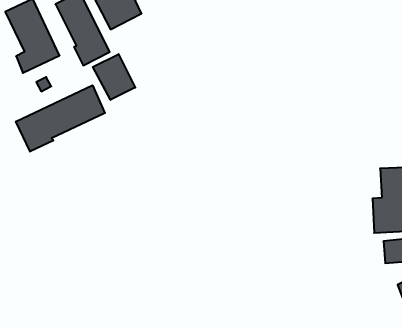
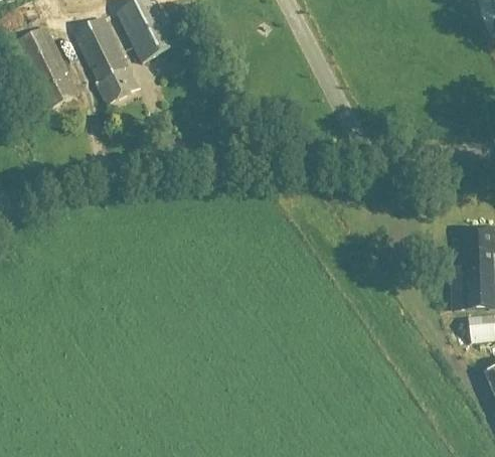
building: [93,54,135,100] -> none
building: [16,85,105,152] -> none

